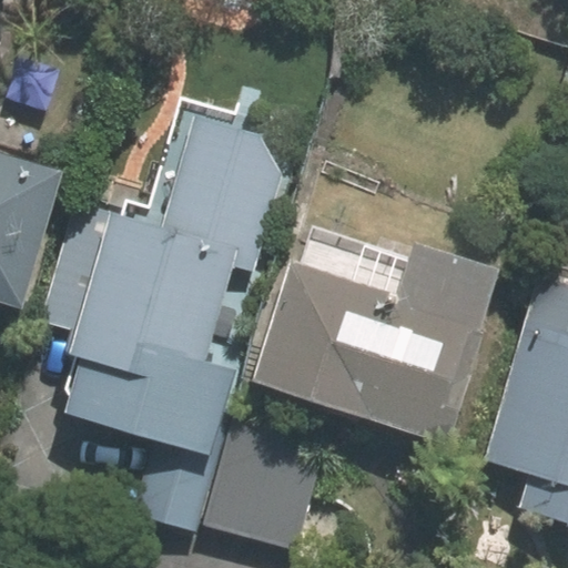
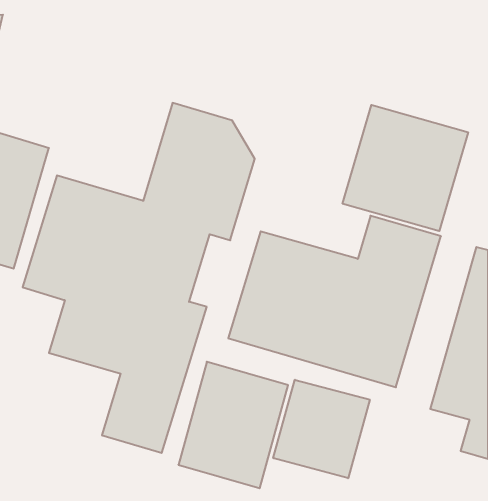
building: none -> [343,105,468,231]
building: none -> [273,380,370,478]

